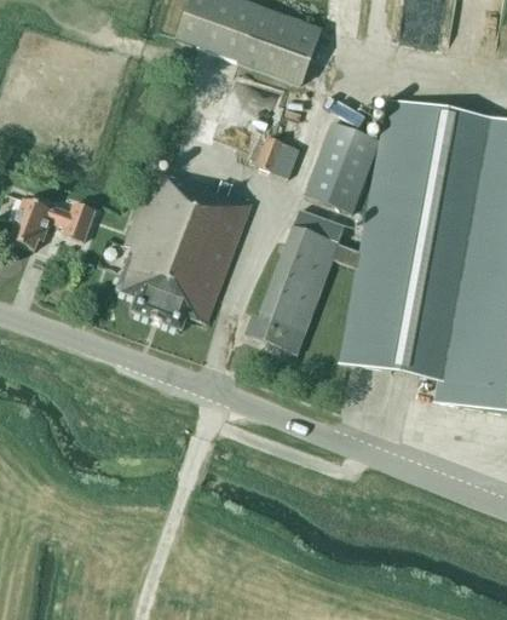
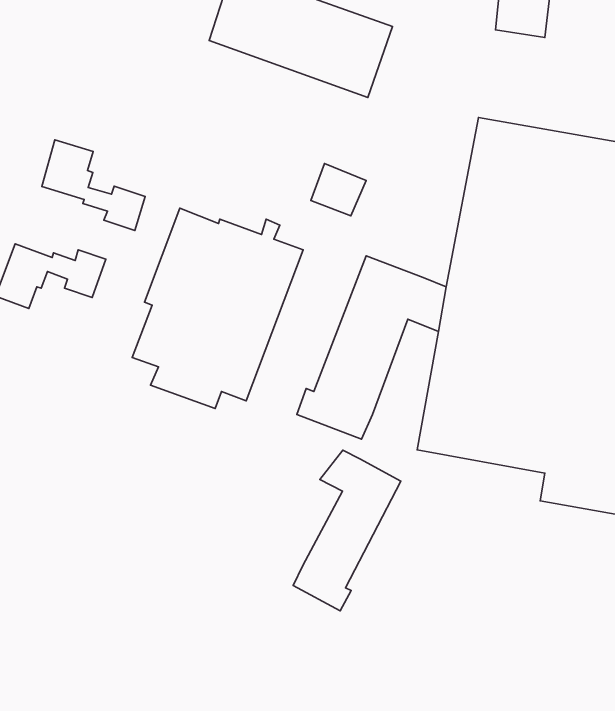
building: none -> [42,140,145,230]
building: [305,121,380,211] -> none
building: none -> [293,450,401,611]

